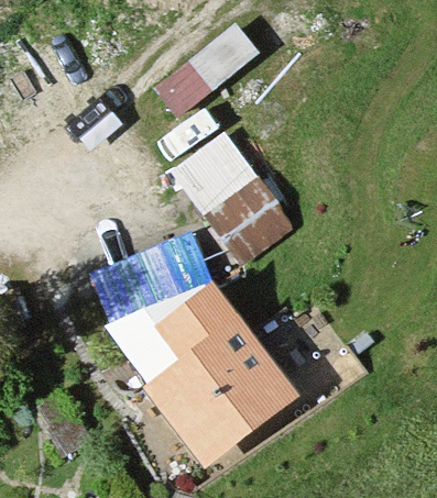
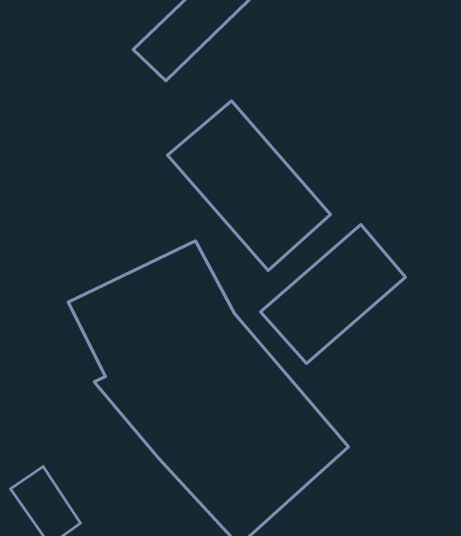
building: none -> [260,224,405,364]

